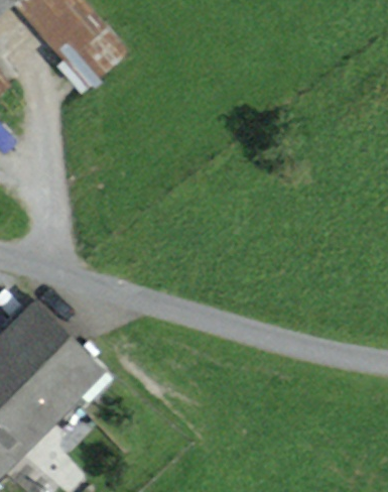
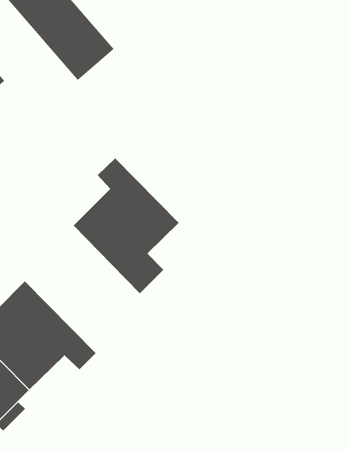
building: none -> [73,157,180,294]

